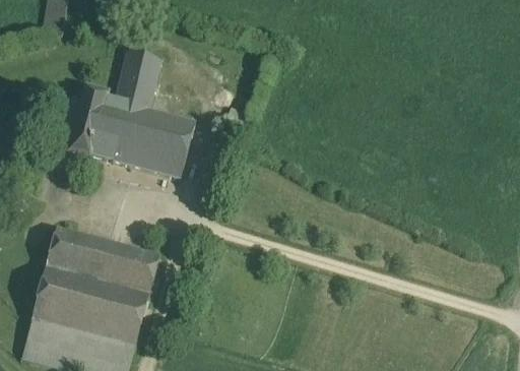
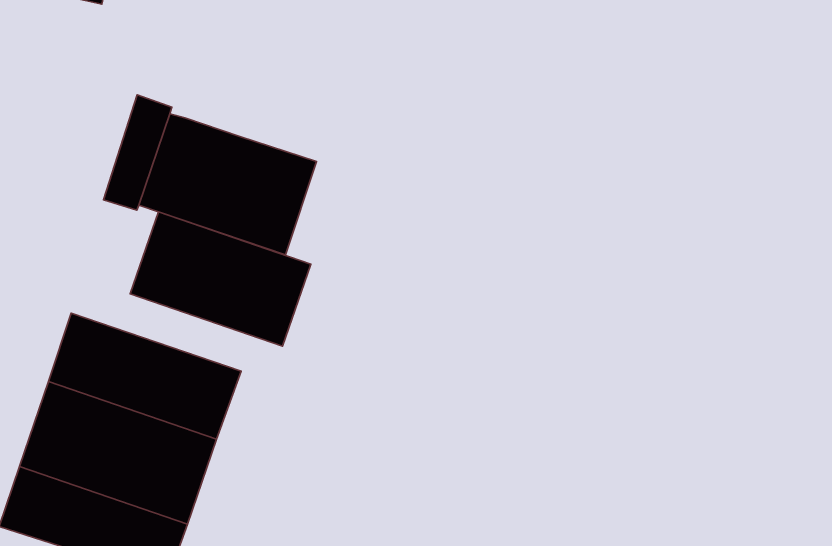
building: [117,54,164,112] -> none
building: none -> [130,212,311,346]

